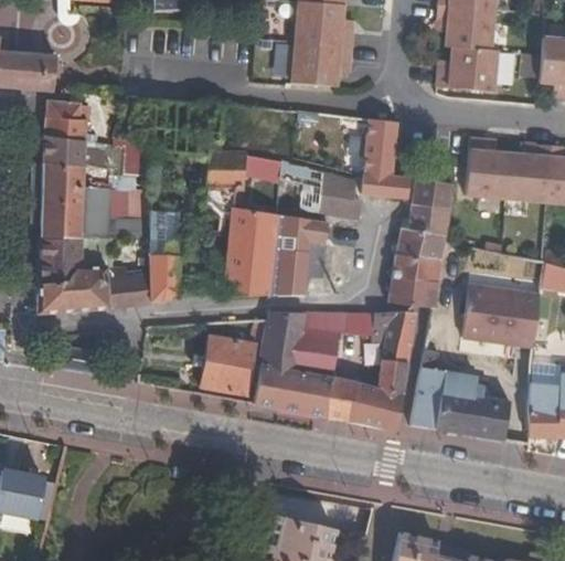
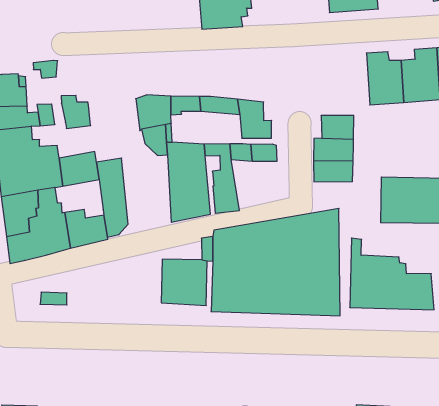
building: [361,119,407,198] -> none
building: [412,179,452,209] -> none
building: [387,276,435,305] -> none

